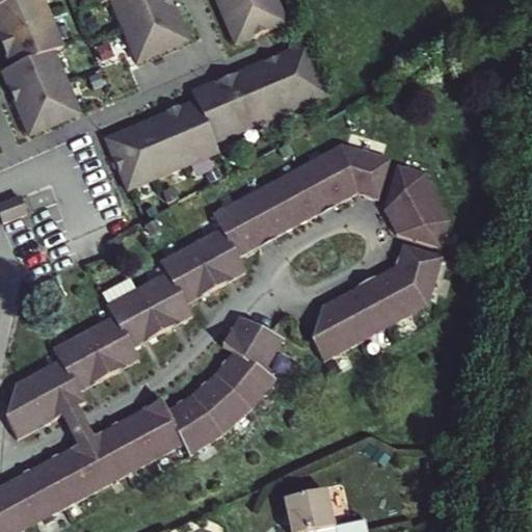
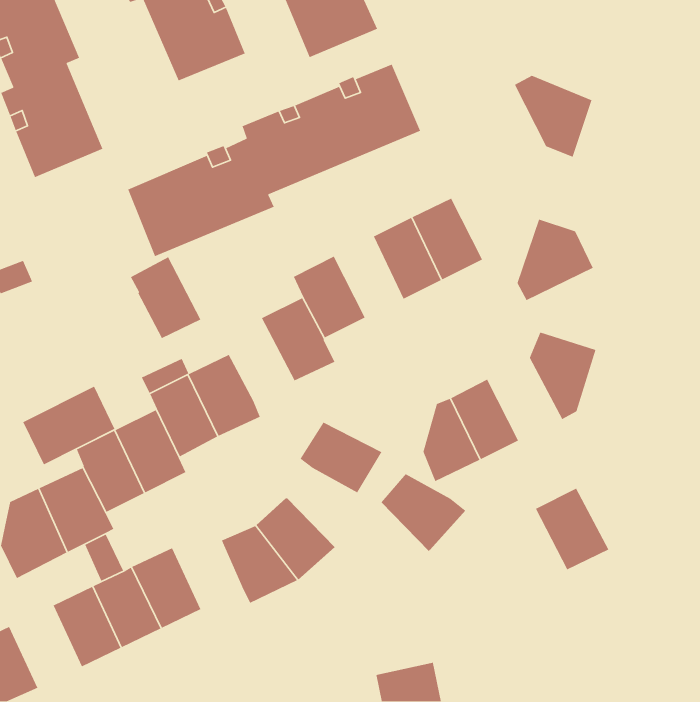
building: [340,141,399,204] -> [514,75,593,158]
building: [251,178,303,239] -> none
building: [396,202,458,254] -> none
building: [167,239,221,301] -> [130,256,202,339]
building: [367,269,423,331] -> [535,488,609,571]
building: none -> [22,386,116,465]
building: [216,352,281,411] -> [381,473,466,552]
building: [130,397,183,458] -> none
building: [7,455,61,517] -> none

